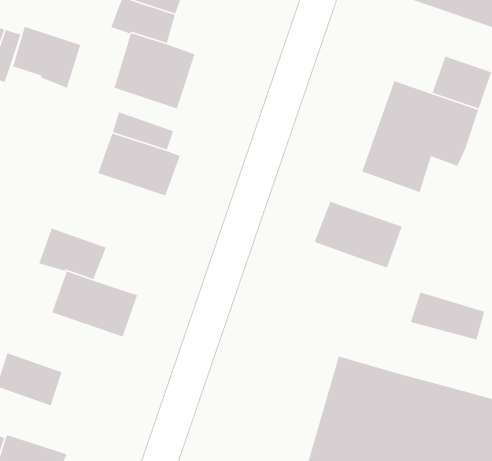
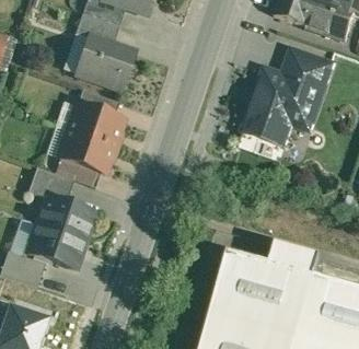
building: [12,26,81,89] -> none
building: none -> [59,130,114,172]
building: [314,201,403,268] -> none
building: [410,291,485,341] -> [270,243,321,276]
building: none -> [28,223,85,268]

